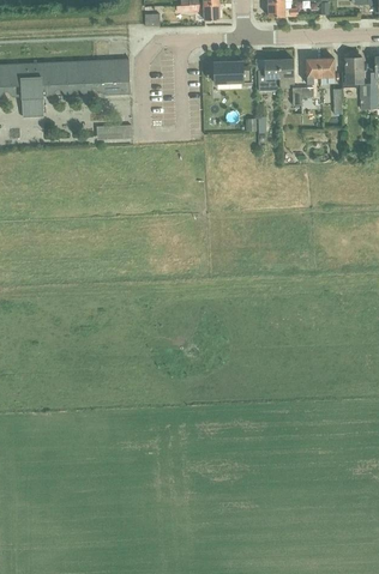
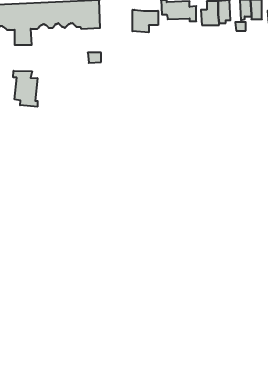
building: none -> [132,10,158,32]
building: none -> [13,71,38,107]

